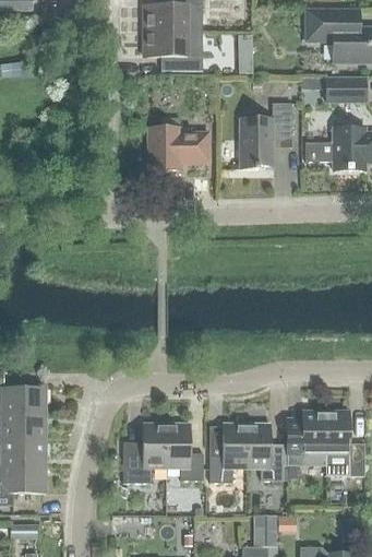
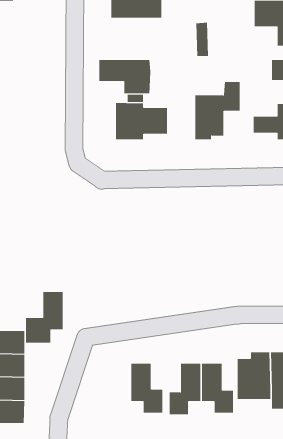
building: [143,31,203,70] -> [99,59,151,94]
building: [122,424,166,483] -> [25,292,64,343]

